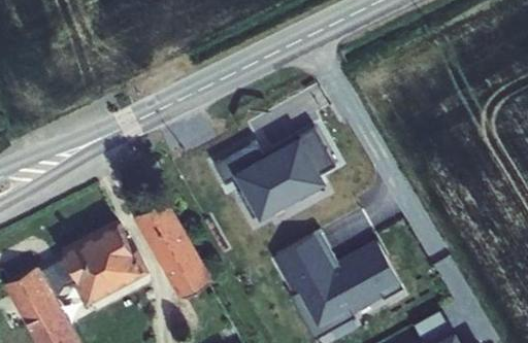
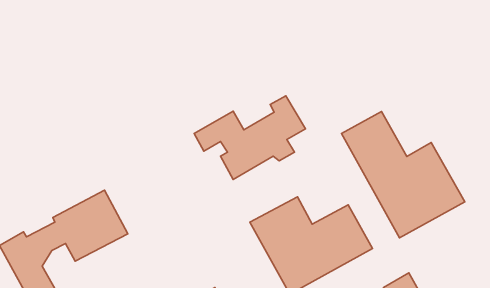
building: none -> [342,112,465,238]
building: [137,203,210,299] -> none

